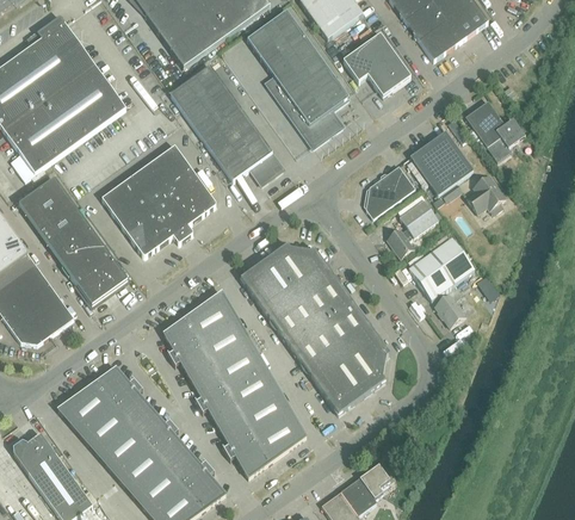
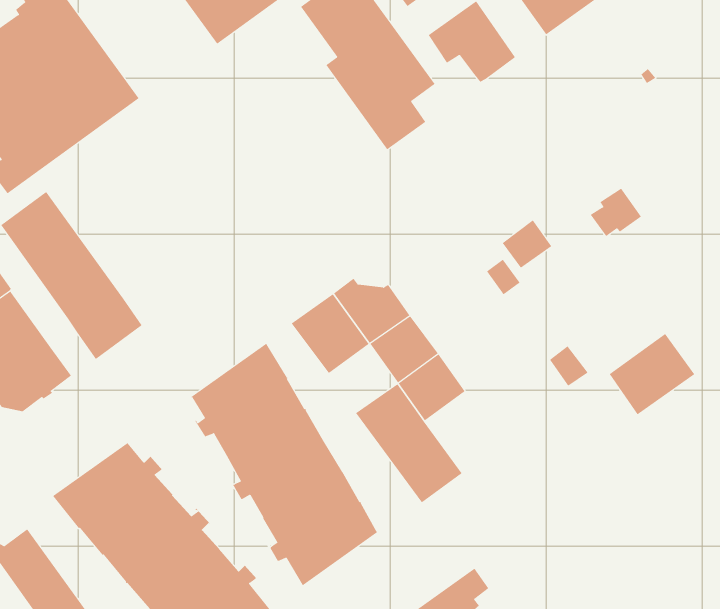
building: [169,64,290,182] -> none
building: [464,99,521,159] -> none
building: [409,130,472,193] -> none
building: [100,144,215,254] -> none
building: [364,163,414,217] -> none
building: [408,236,474,298] -> [609,333,695,415]
building: [267,292,320,345] -> none
building: [340,328,389,390] -> none

